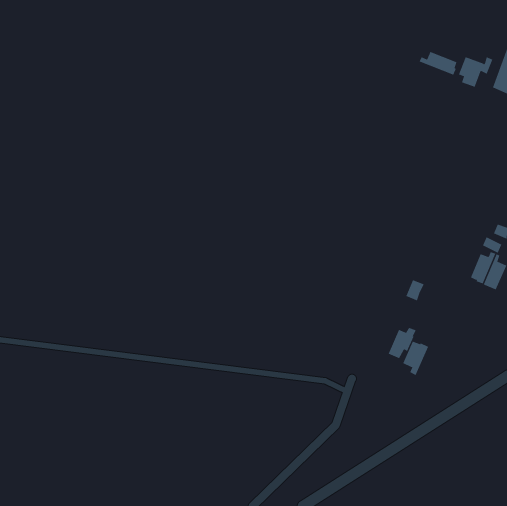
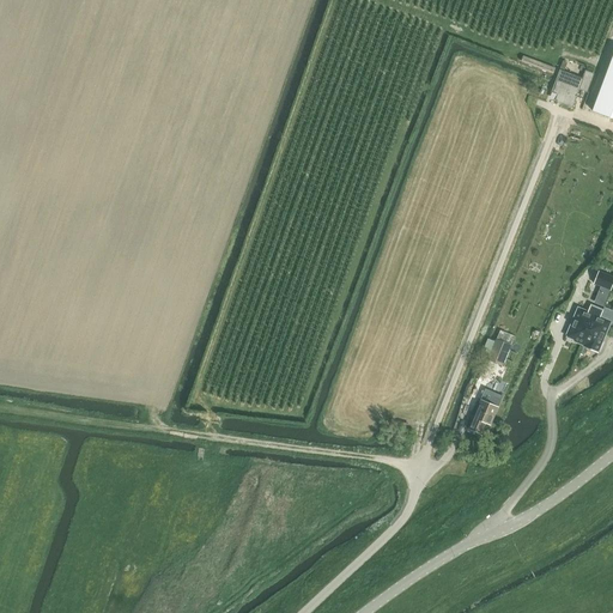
building: [419,51,457,75] -> none
building: [402,341,429,376] -> none

